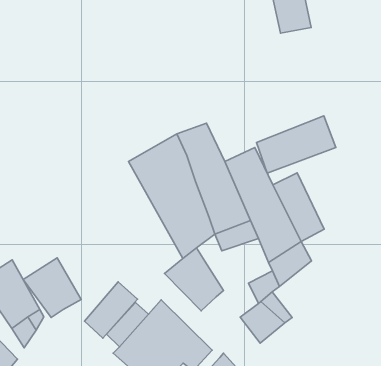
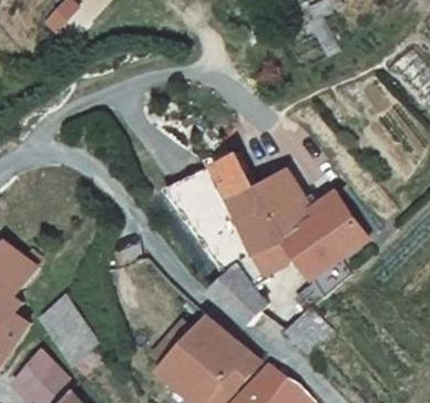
building: [256,116,336,173] -> none
building: [23,258,81,318] -> none
building: [84,282,138,338] -> none

